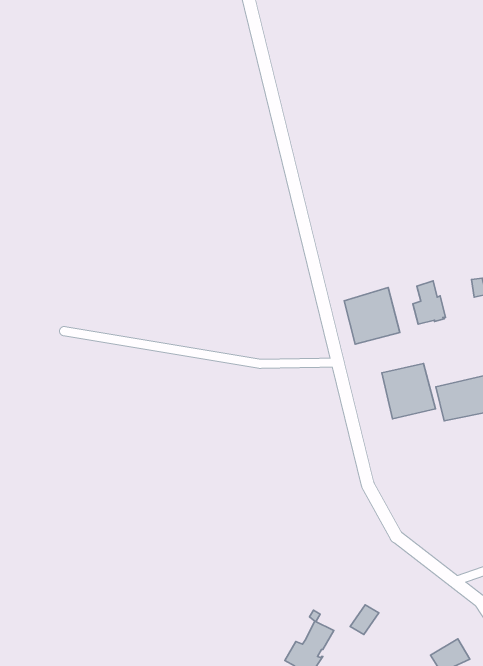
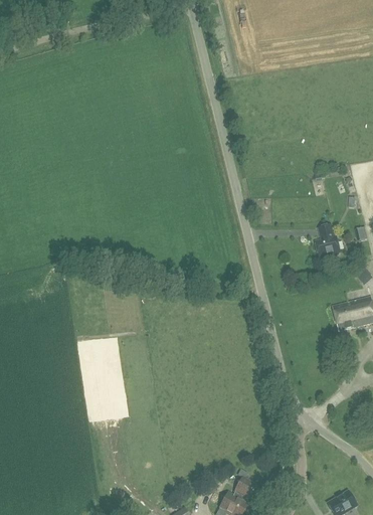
building: [344,287,400,344] -> none
building: [382,363,436,419] -> none

